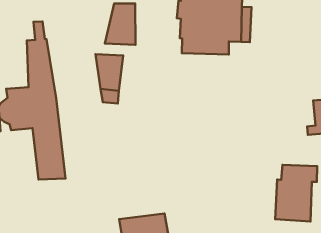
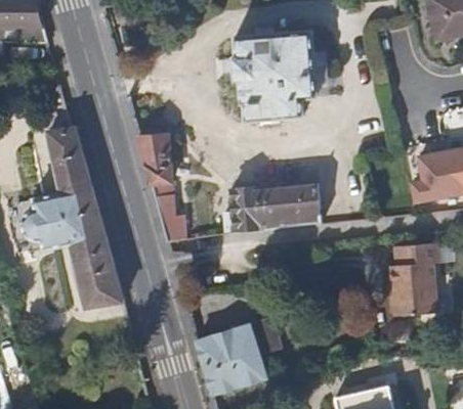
building: [105,3,136,45] -> none
building: none -> [154,195,185,239]
building: none -> [222,180,331,233]

